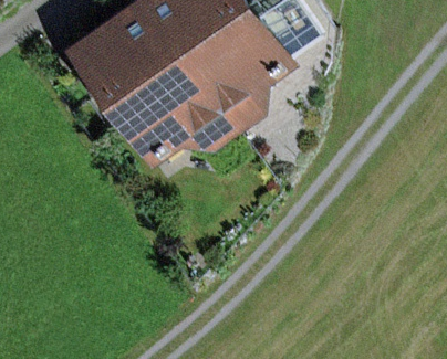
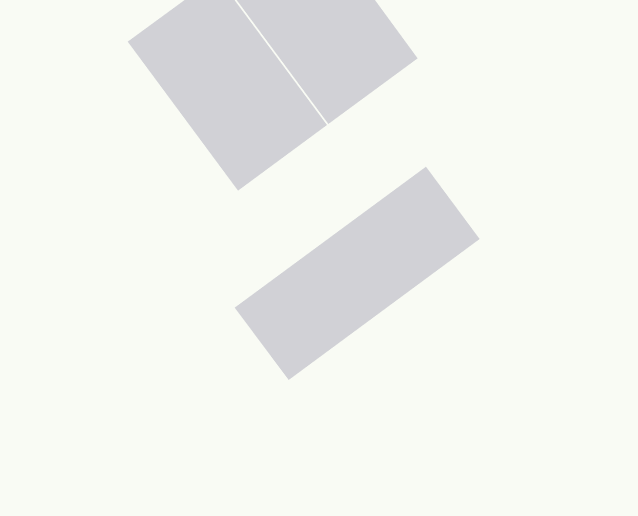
building: none -> [234,165,481,381]

